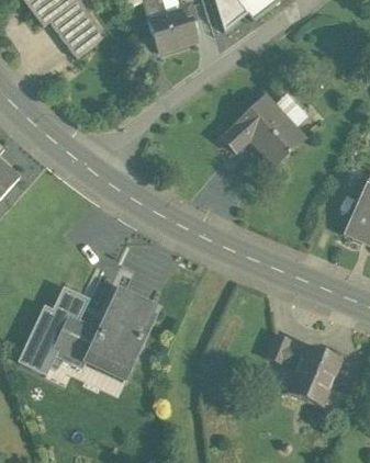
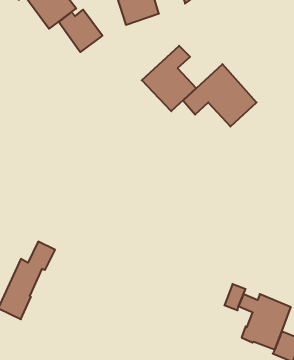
building: none -> [59,10,102,52]
building: none -> [142,46,196,111]
building: [56,289,156,379] -> none

